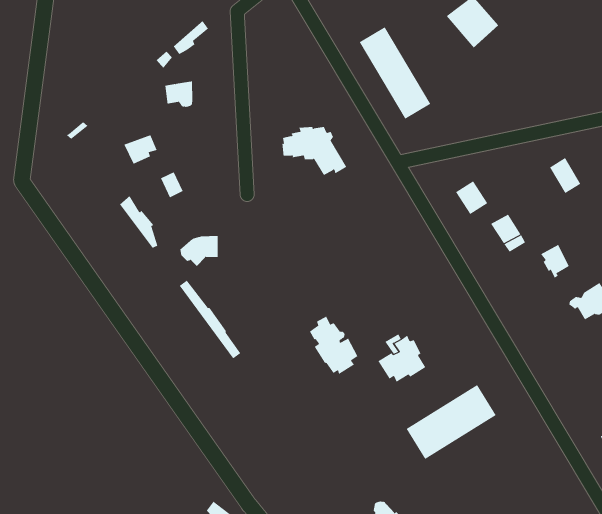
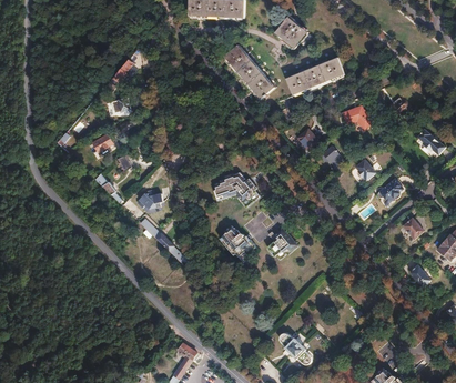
building: none -> [285,58,343,97]
building: [281,126,347,176] -> [215,175,257,205]
building: [406,384,497,460] -> none

